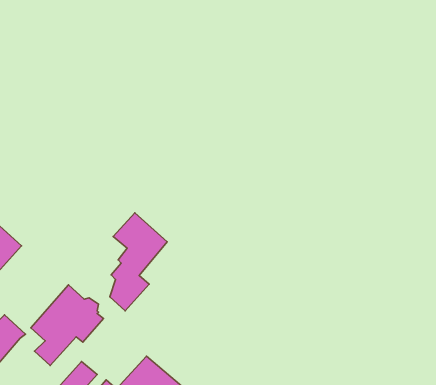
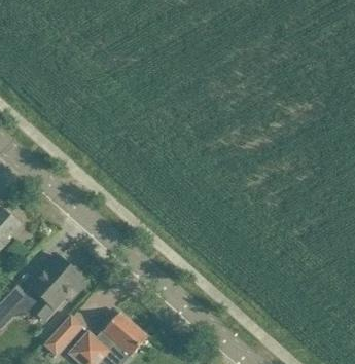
building: [110,213,167,311] -> none

